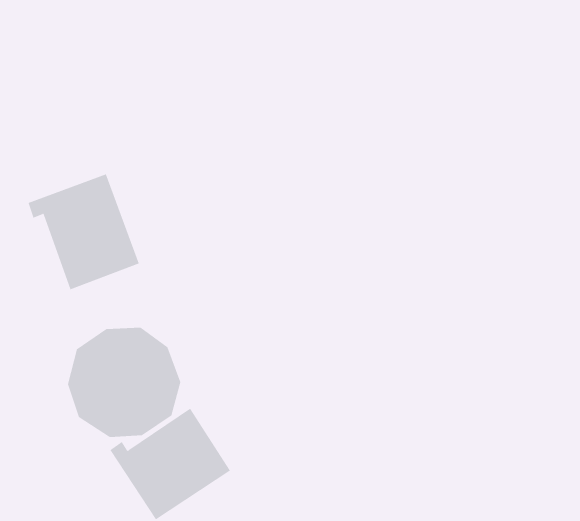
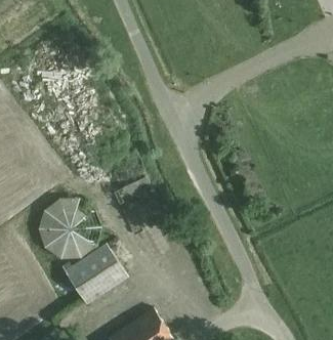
building: [28,174,140,290] -> none

